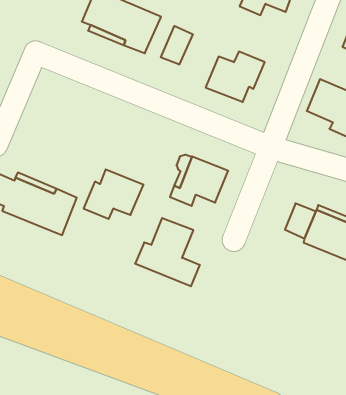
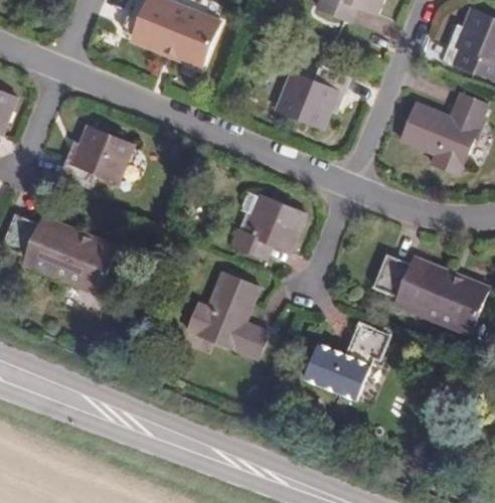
building: [161,26,193,65] -> none
building: [84,169,144,219] -> [59,128,134,189]
building: none -> [305,322,389,397]

